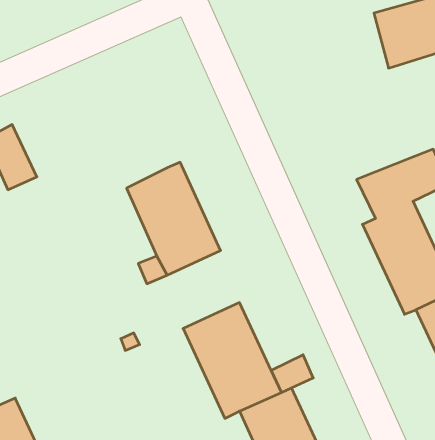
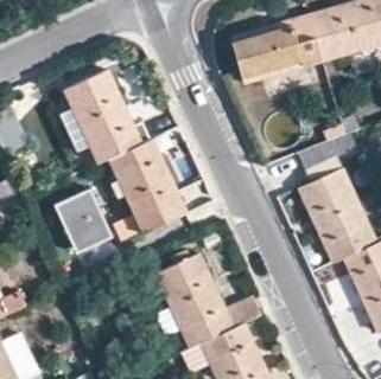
building: none -> [231,15,322,83]
building: none -> [63,70,140,162]
building: none -> [63,193,115,253]

